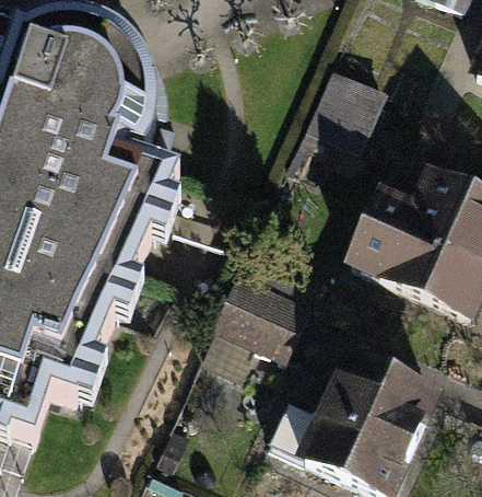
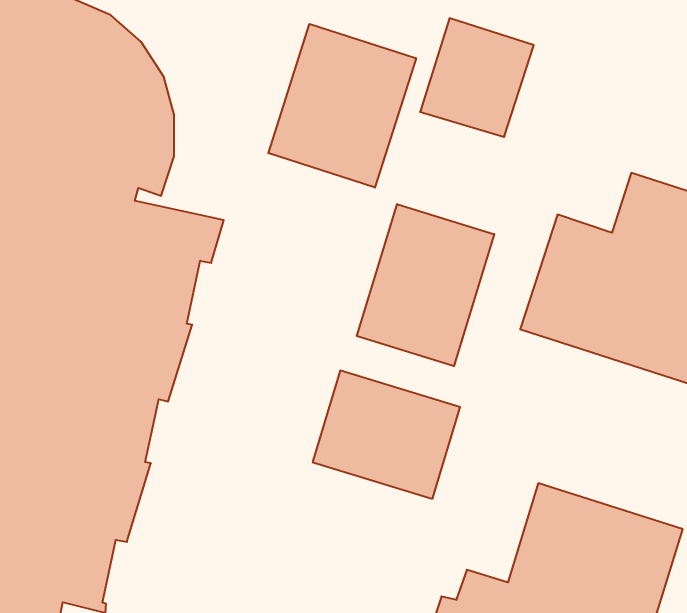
building: none -> [268,24,416,188]
building: none -> [357,204,494,366]

